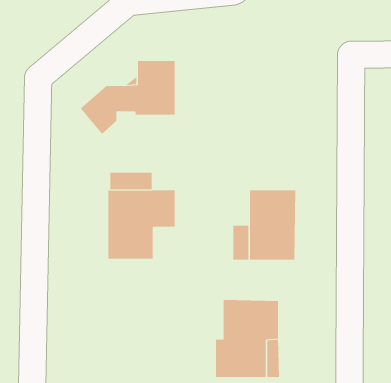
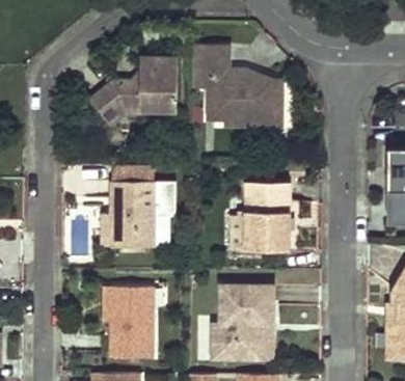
building: none -> [192,45,282,128]
building: none -> [110,288,153,360]

